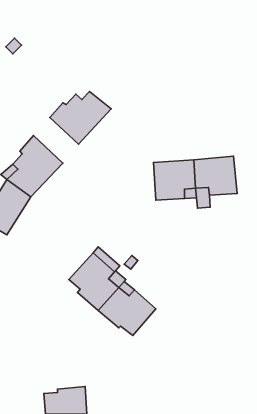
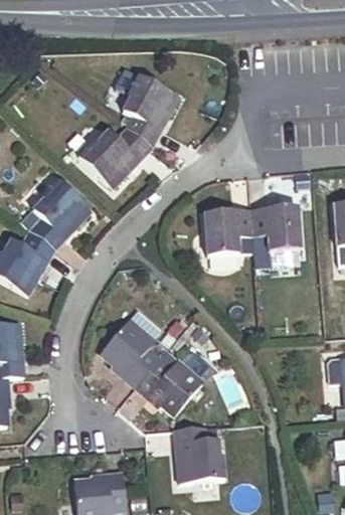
building: none -> [127,74,183,149]
building: none -> [174,426,225,486]

